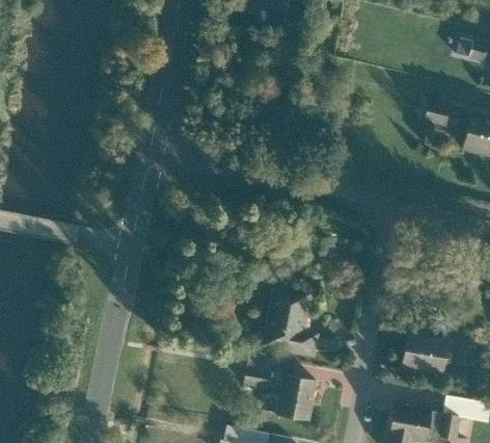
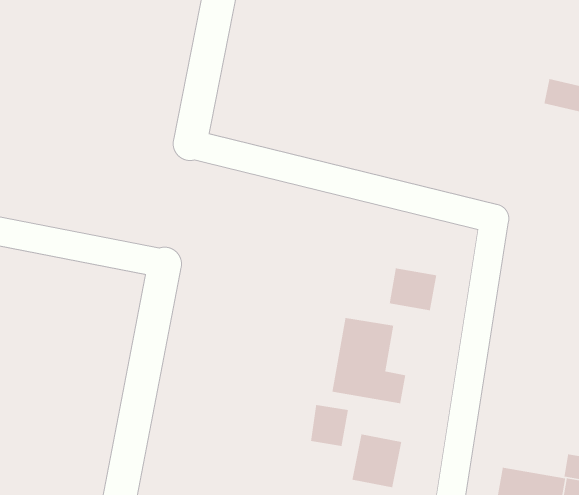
building: none -> [389,268,437,311]
building: [404,338,448,374] -> none

